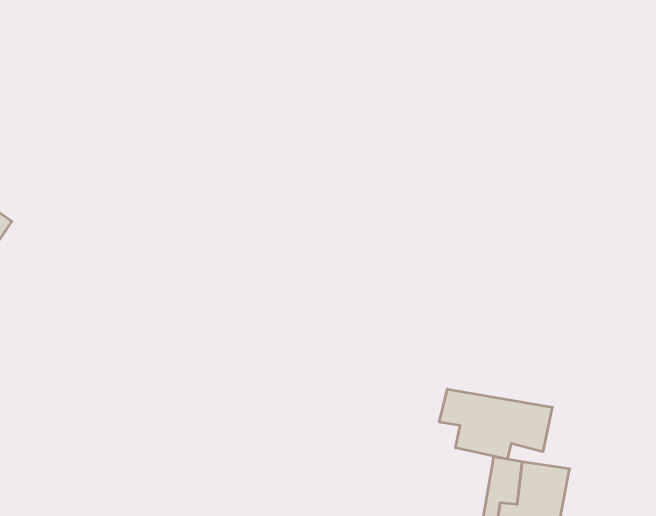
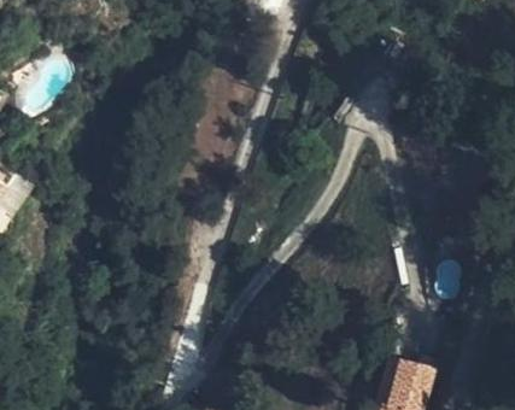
building: [439,389,552,459] -> none

